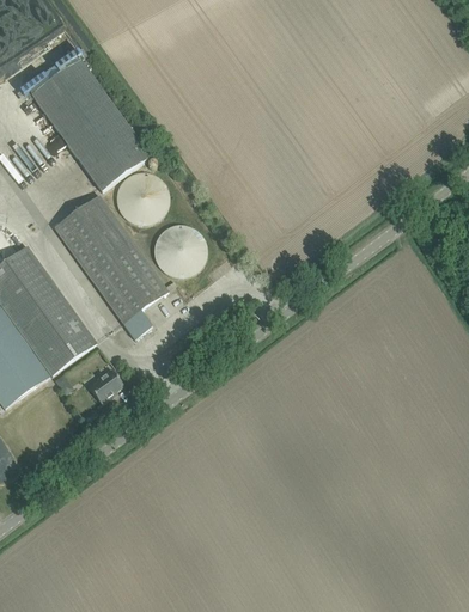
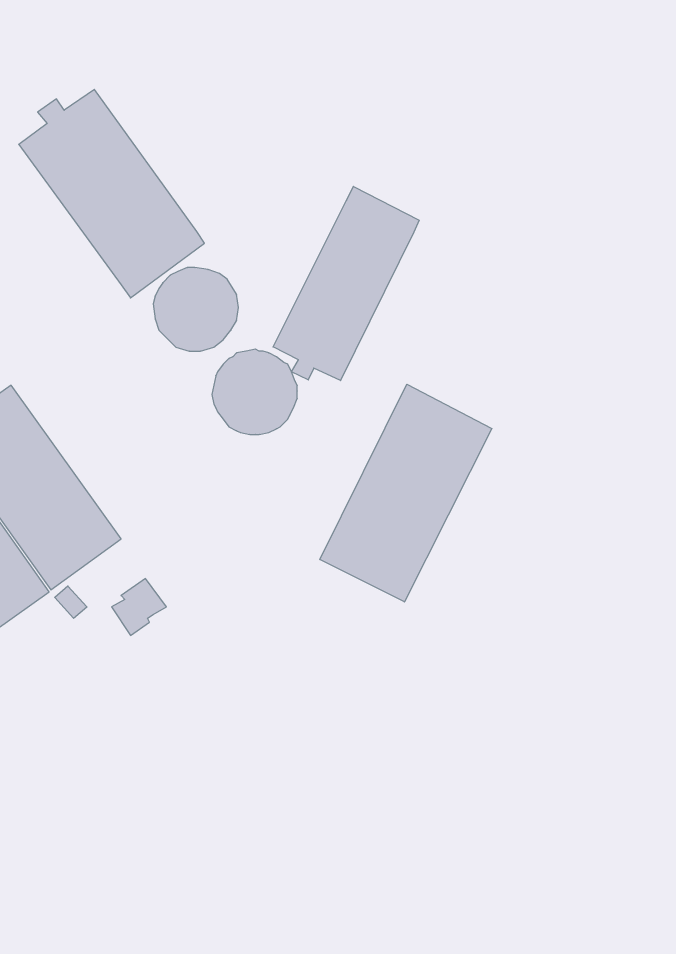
building: none -> [273,186,419,381]
building: [53,194,168,338] -> none
building: none -> [320,384,492,602]

